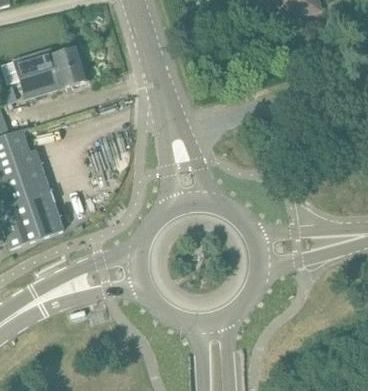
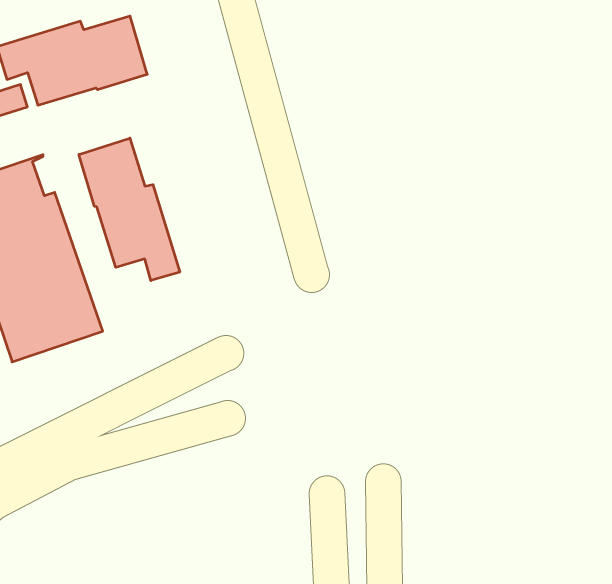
building: none -> [79,138,180,281]

